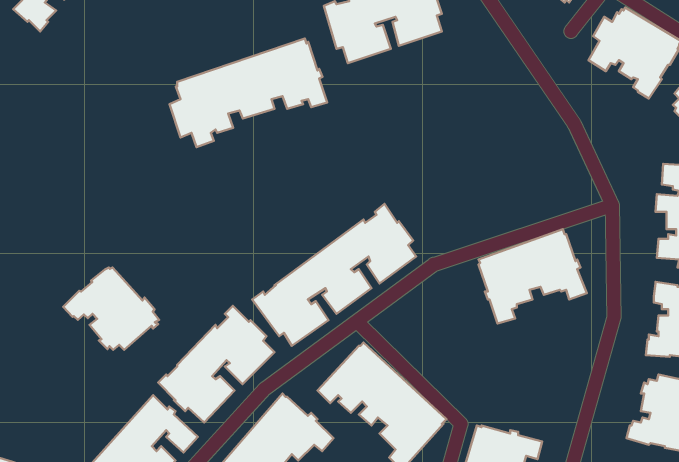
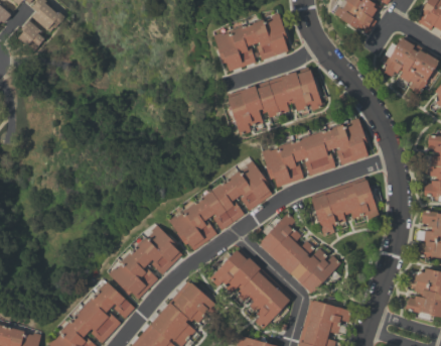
building: [169,39,327,147] -> [223,67,322,135]
building: none -> [262,118,369,187]
building: [63,267,159,350] -> none
building: none -> [259,213,340,293]

